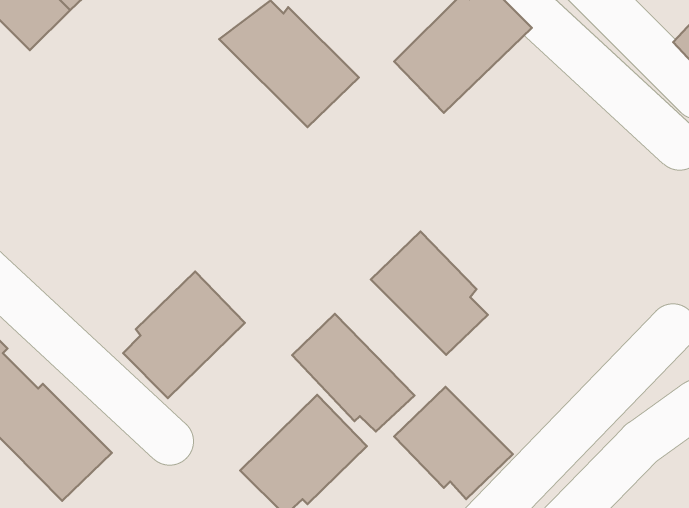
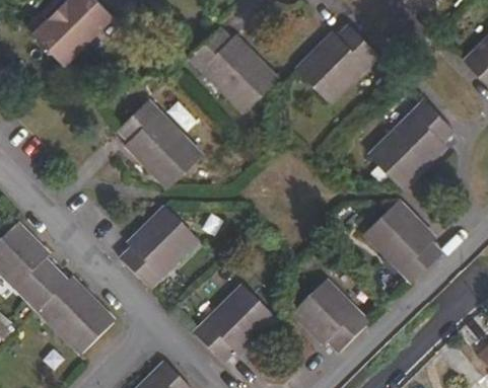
building: none -> [117,97,200,184]
building: none -> [372,101,455,186]
building: [371,231,488,355] -> [365,201,439,279]
building: [292,314,414,432] -> none

